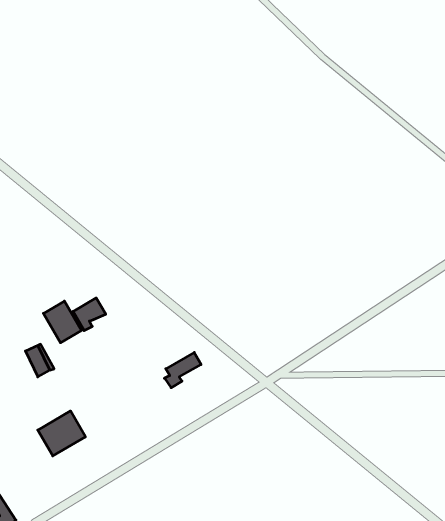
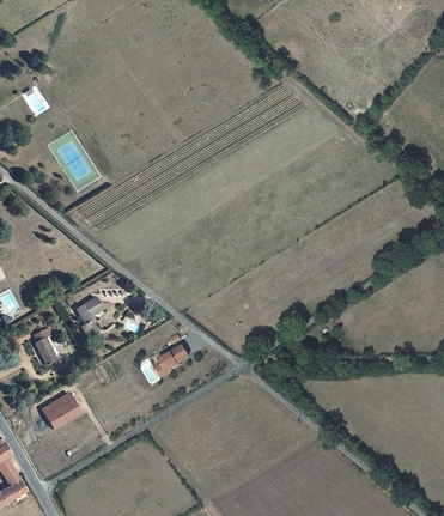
building: [43,301,81,343] -> none

